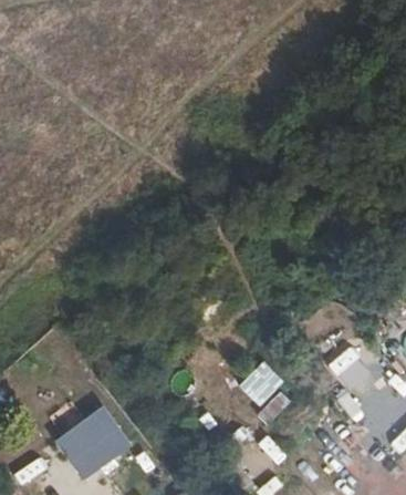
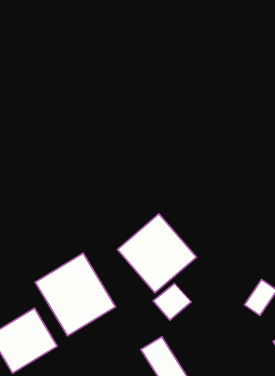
building: none -> [117,214,196,293]
building: none -> [35,253,116,336]

